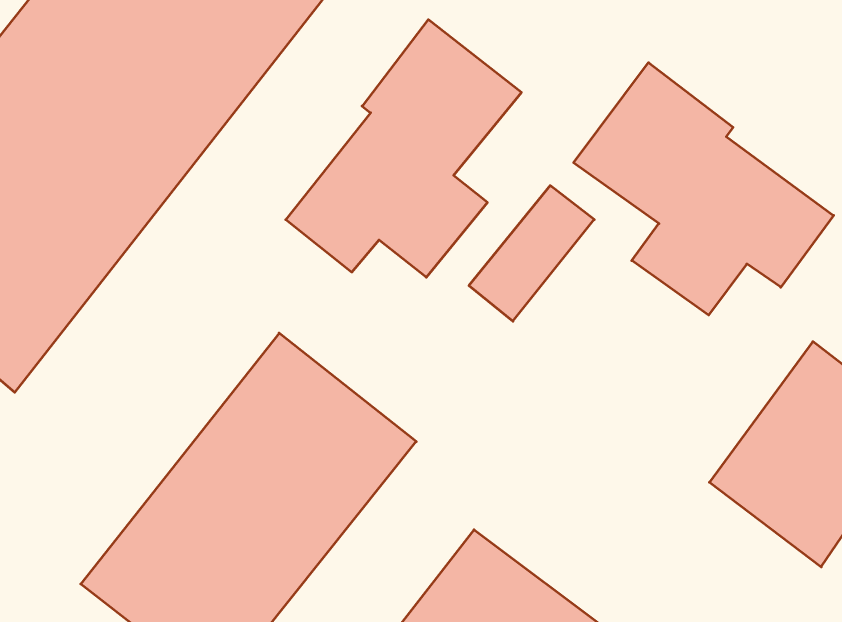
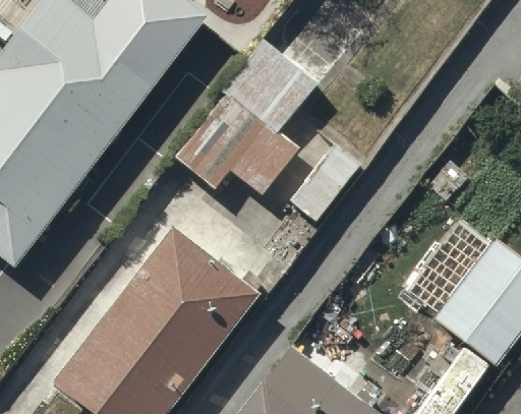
building: [574,63,834,315] -> none

